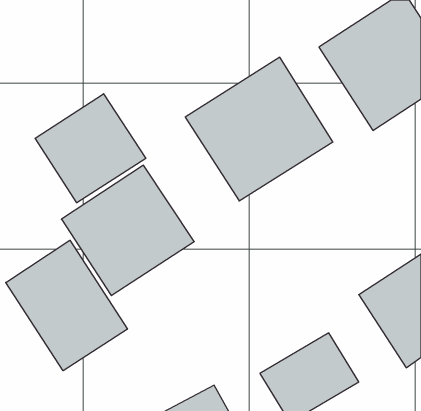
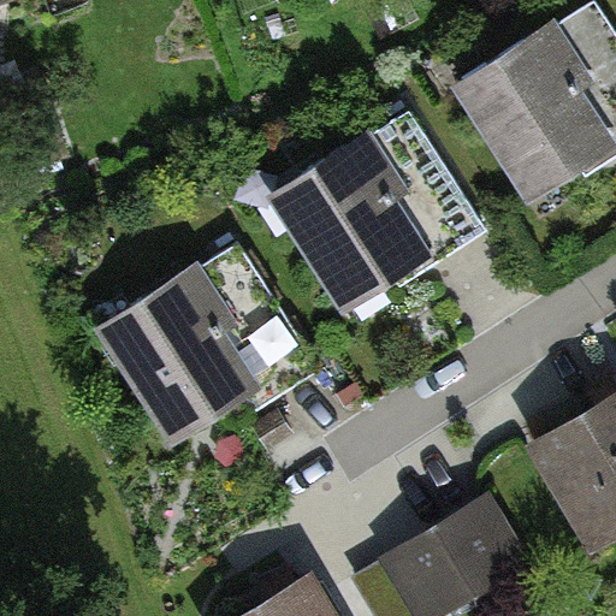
building: [35,94,146,203] -> none
building: [6,240,127,371] -> none

